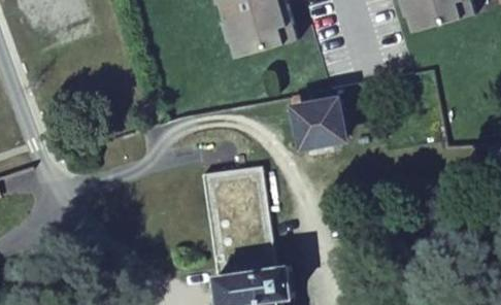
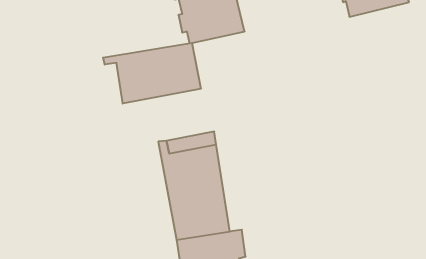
building: none -> [103,43,201,104]
building: [283,91,342,151] -> none

